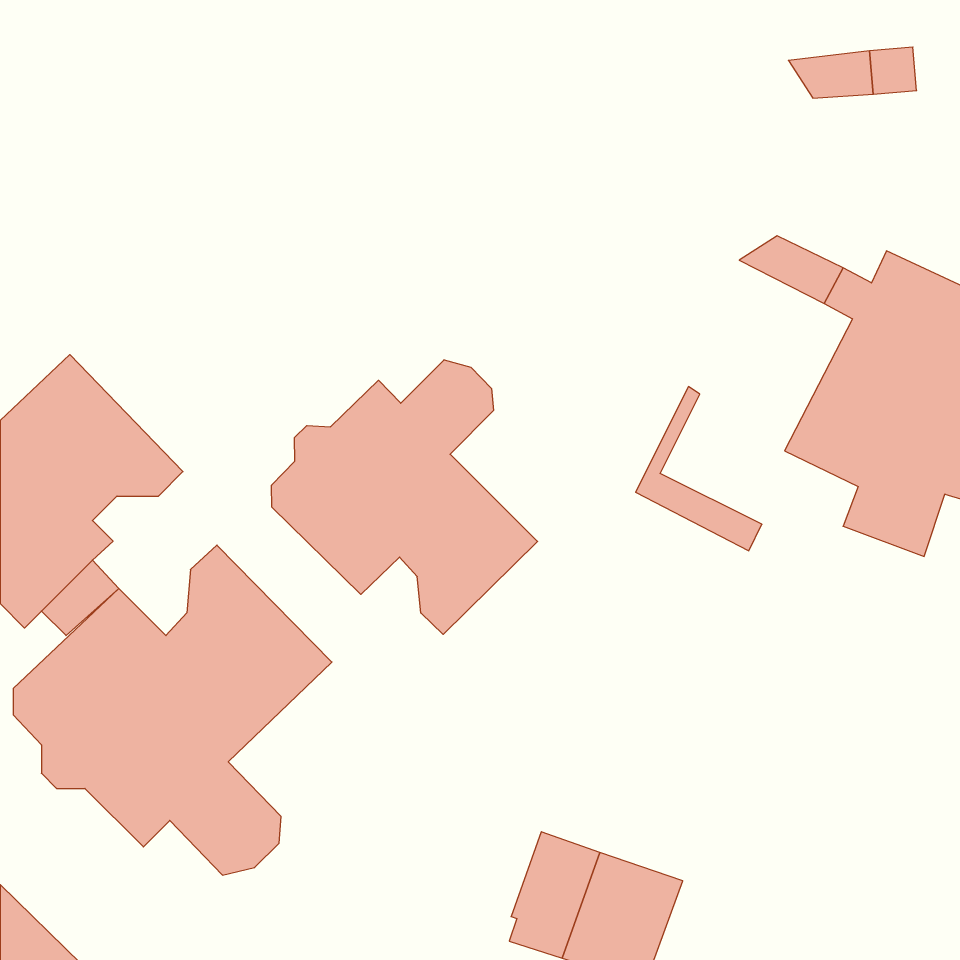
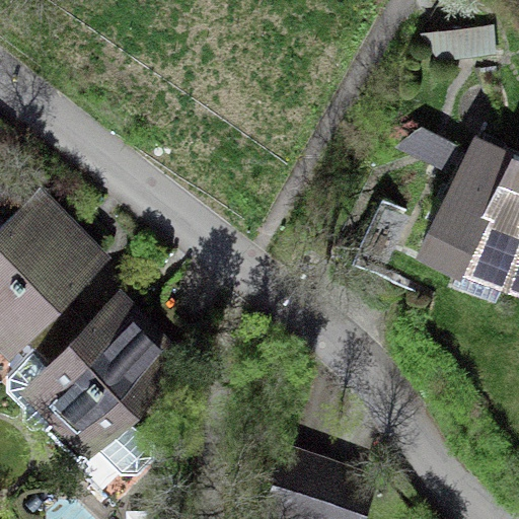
building: [272,360,538,634] -> none

